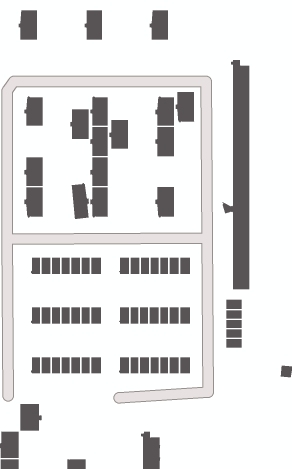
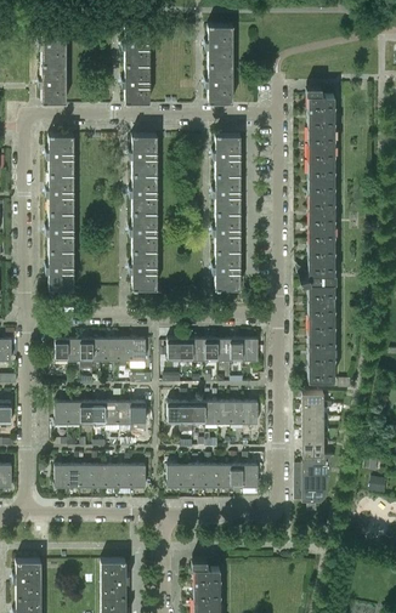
building: none -> [39,63,67,103]
building: none -> [123,63,149,103]
building: [175,91,197,123] -> [205,63,233,103]
building: [69,109,90,140] -> [46,172,72,211]
building: [109,120,129,149] -> [213,211,238,249]
building: [71,182,90,220] -> none
building: none -> [295,461,333,503]
building: [20,404,43,431] -> [101,560,130,595]

